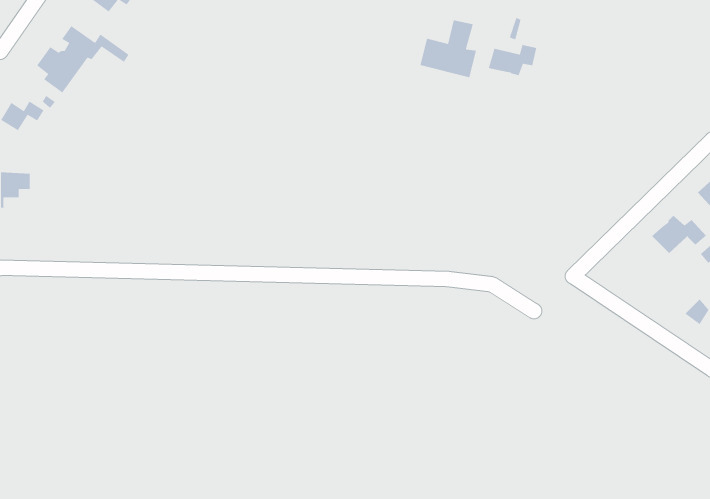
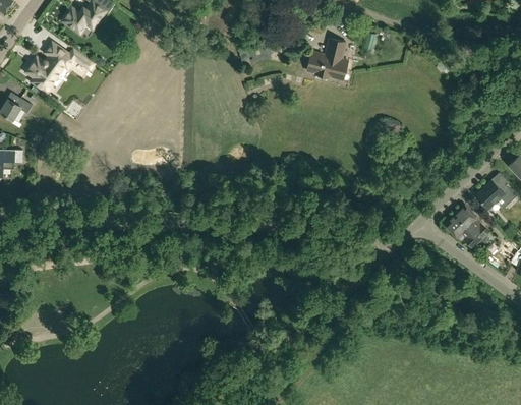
building: [488,44,537,76] -> none
building: none -> [446,206,485,245]

